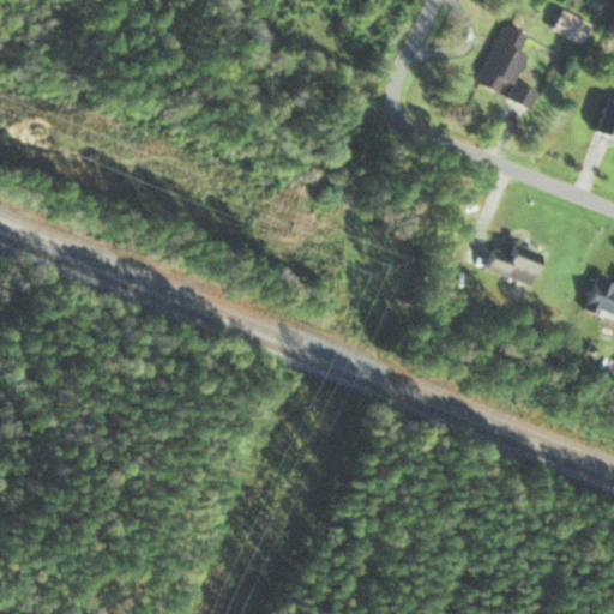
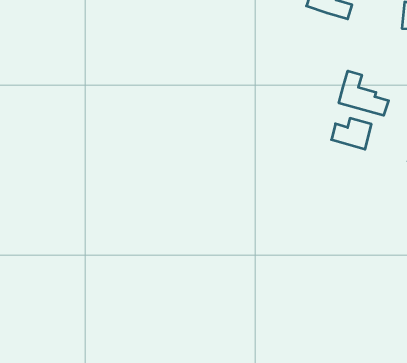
building: none -> [339,71,389,115]

